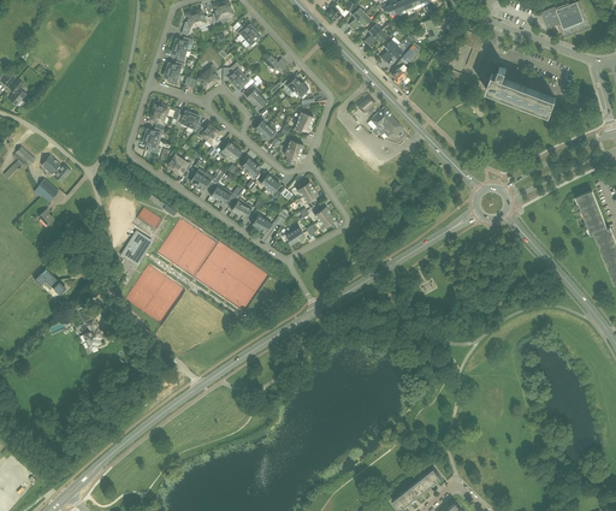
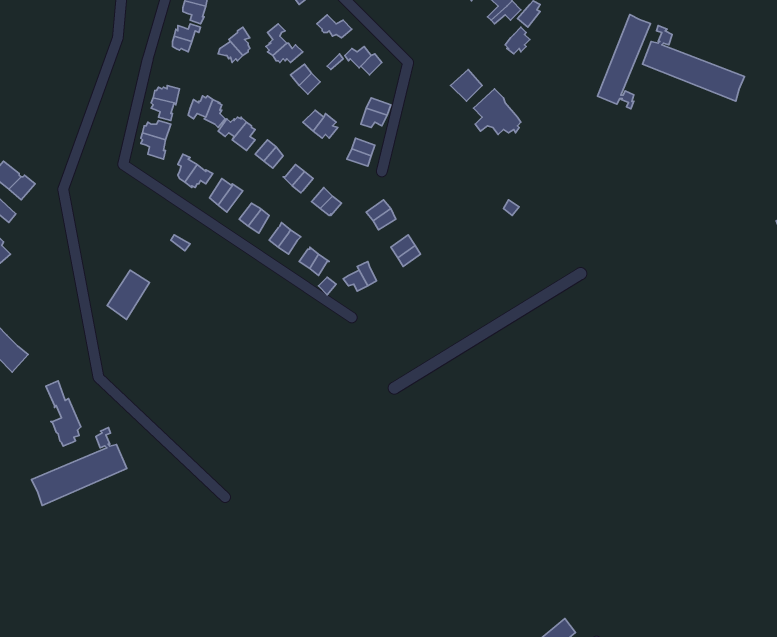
building: none -> [597,14,650,109]
building: none -> [32,428,127,506]

